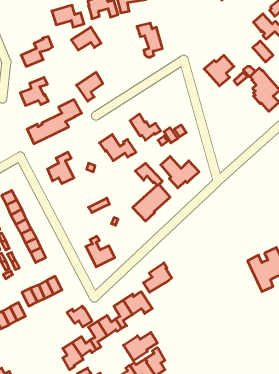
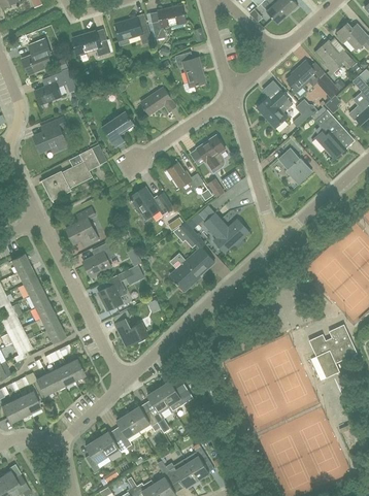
building: none -> [22,38,52,75]
building: [71,27,101,50] -> [141,87,177,114]
building: none -> [288,60,321,93]
building: none -> [197,135,226,170]
building: none -> [279,138,313,185]
building: none -> [82,241,115,277]
building: none -> [98,282,127,310]
building: [143,263,172,292] -> none
building: [67,306,92,327] -> none
building: [123,332,157,361] -> none

